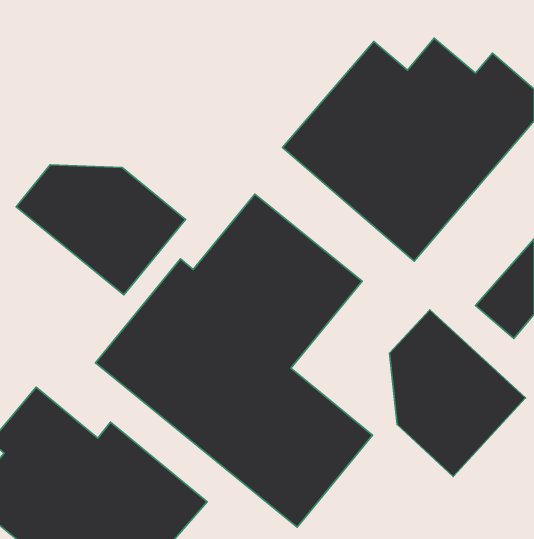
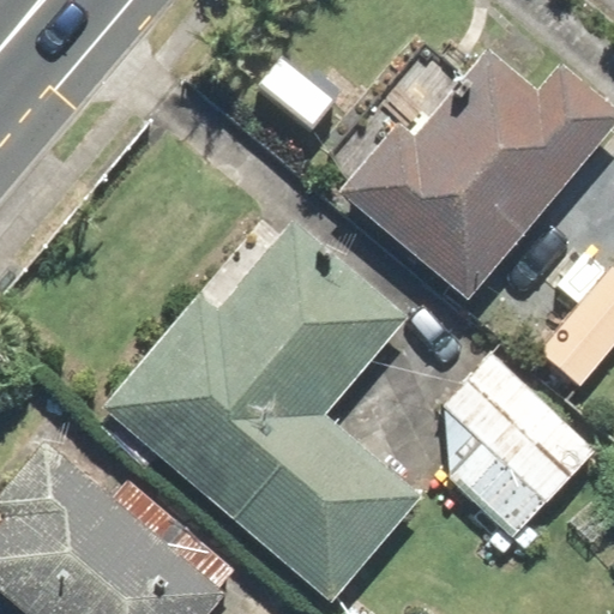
building: [16,165,186,295] -> none

